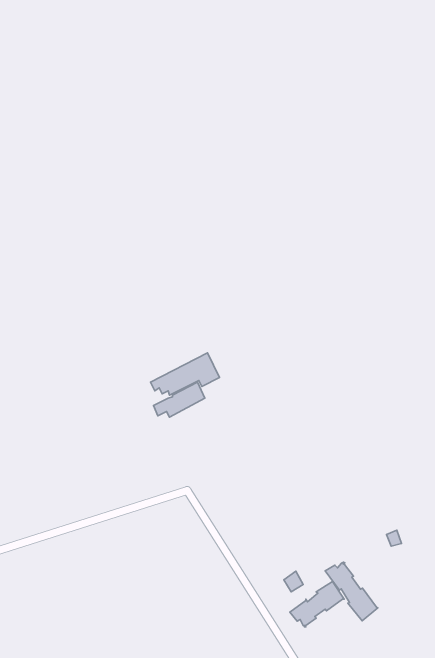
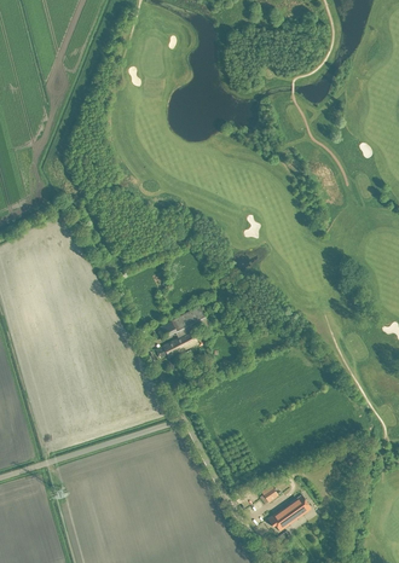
building: [325,562,378,621] -> none

